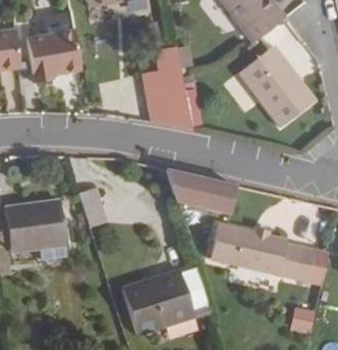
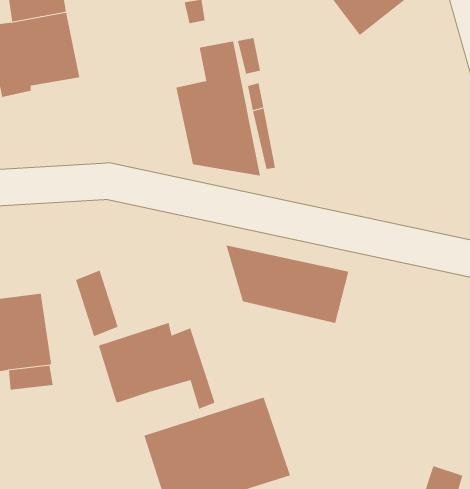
building: [239,46,317,128] -> none
building: none -> [98,322,215,409]
building: [211,222,316,282] -> none

